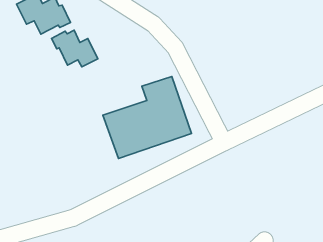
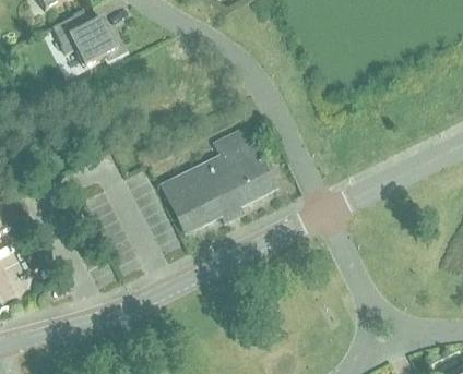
building: [51,30,98,67] -> none

